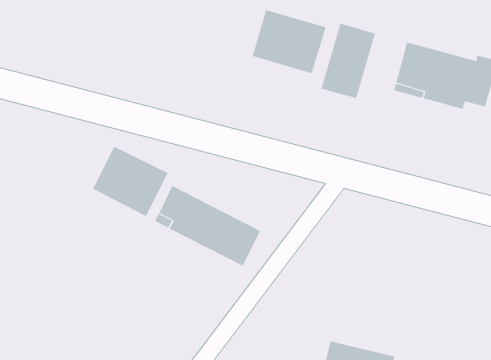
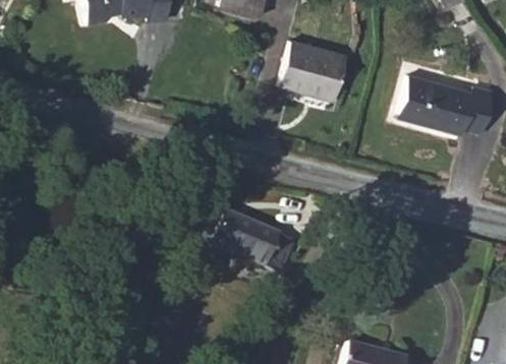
building: [321,23,375,99] -> none
building: [92,146,169,217] -> none

